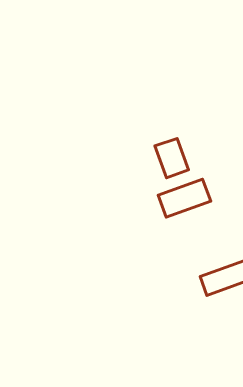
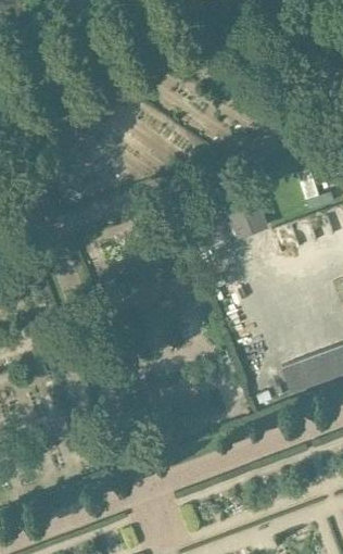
building: [158,179,211,217] -> none

